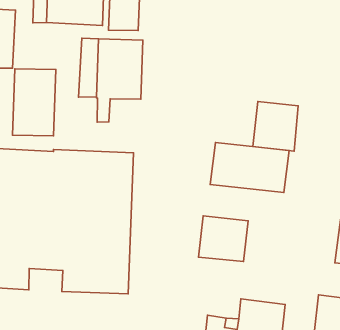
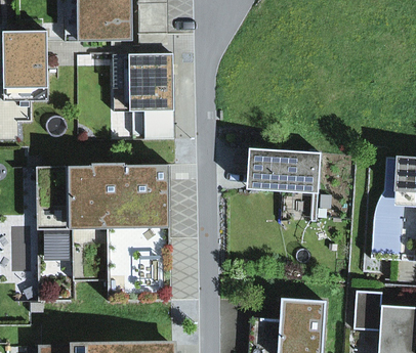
building: [12,69,56,136] -> none
building: none -> [144,111,175,139]
building: [253,101,298,151] -> none
building: [198,216,248,261] -> none

